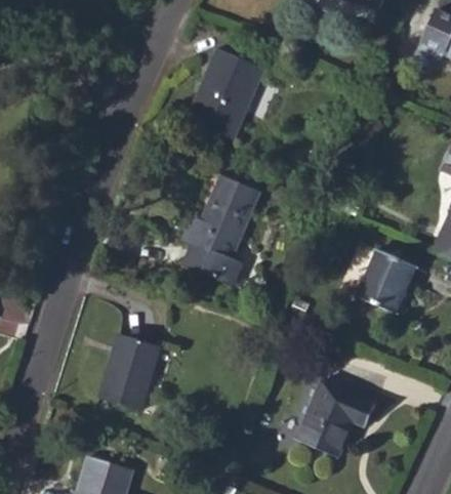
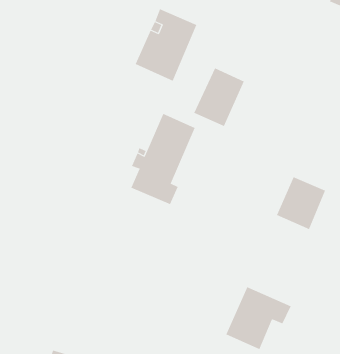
building: none -> [194,67,244,127]
building: [99,334,160,411] -> none

